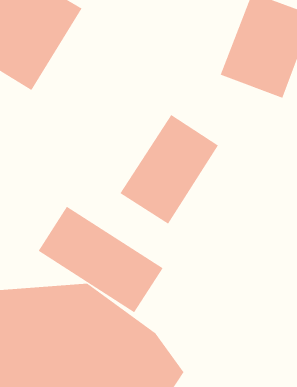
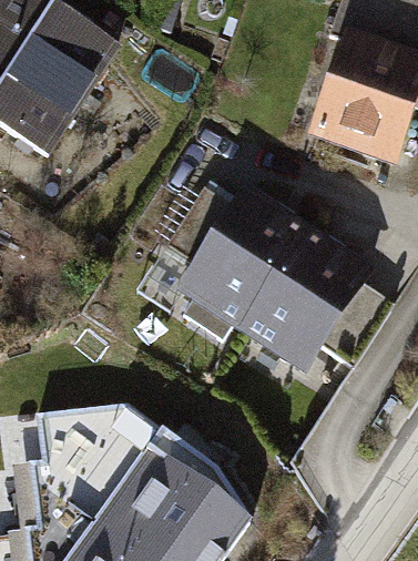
building: none -> [237,224,365,368]
building: [38,206,164,313] -> none

